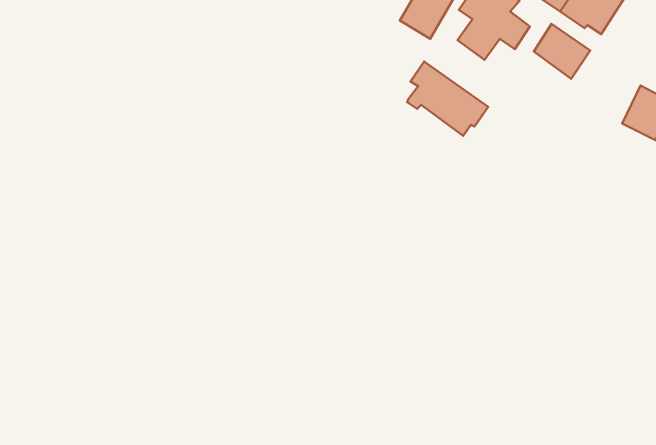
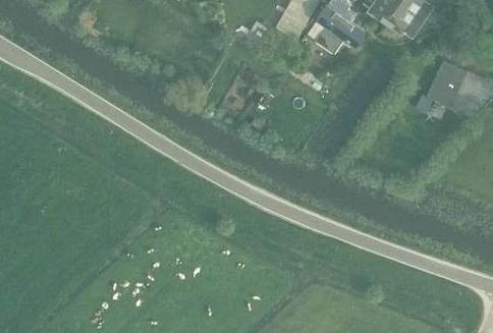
building: [534,24,590,79] -> none
building: [407,62,488,136] -> none

